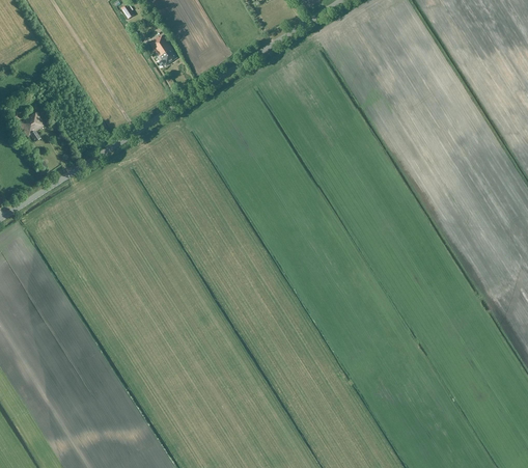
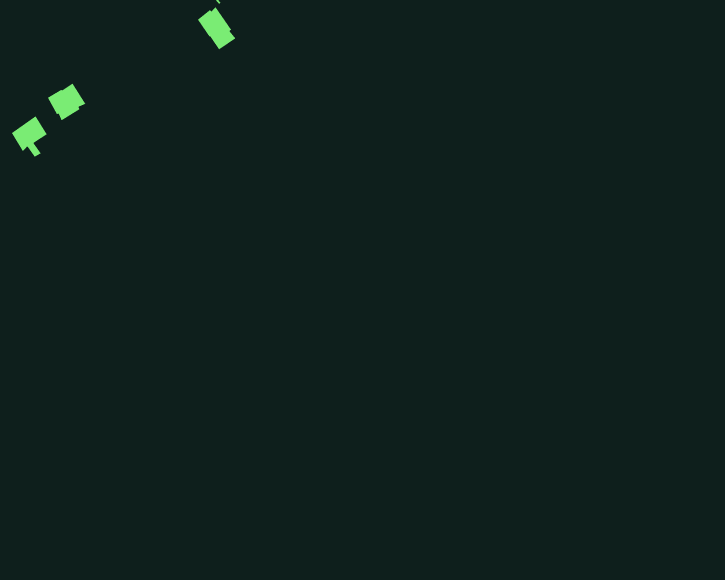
building: none -> [47,83,86,121]

